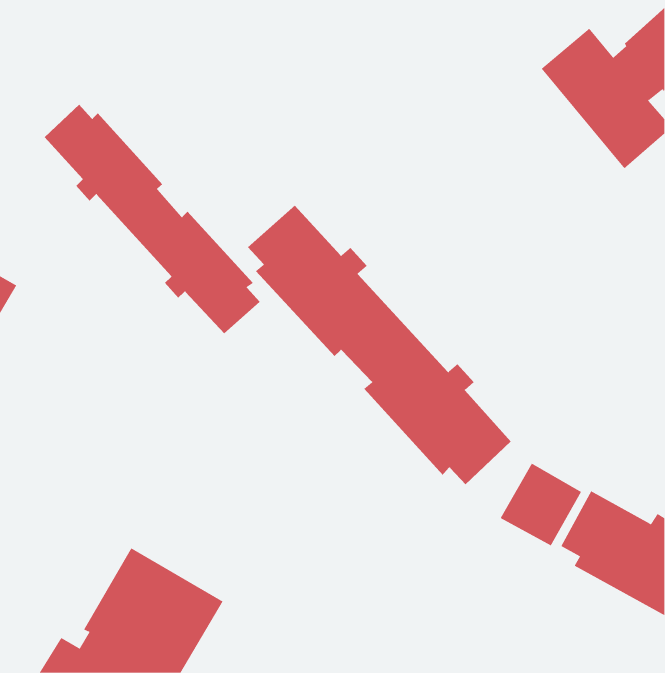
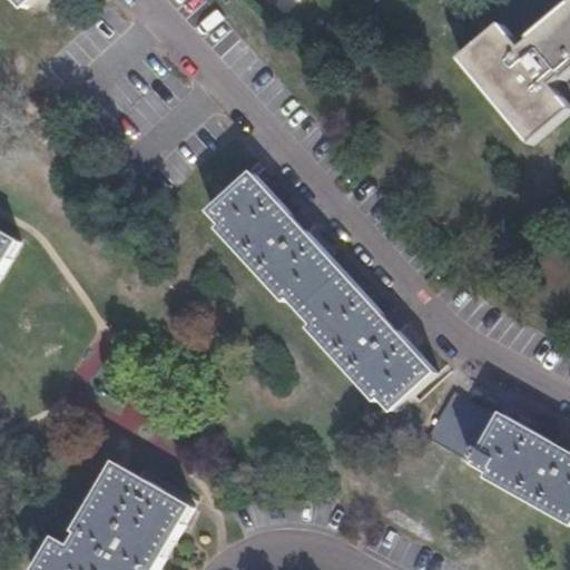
building: [44,104,260,334] -> none

